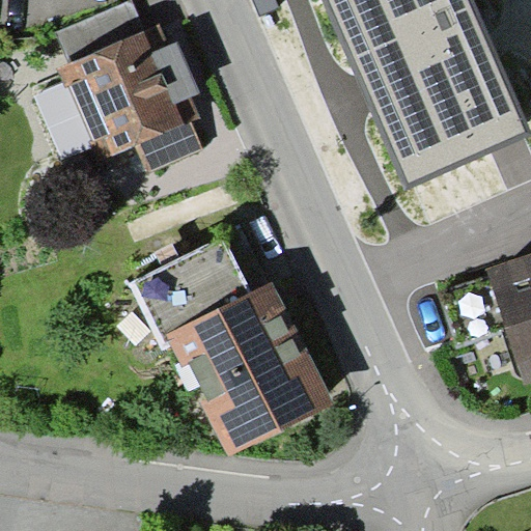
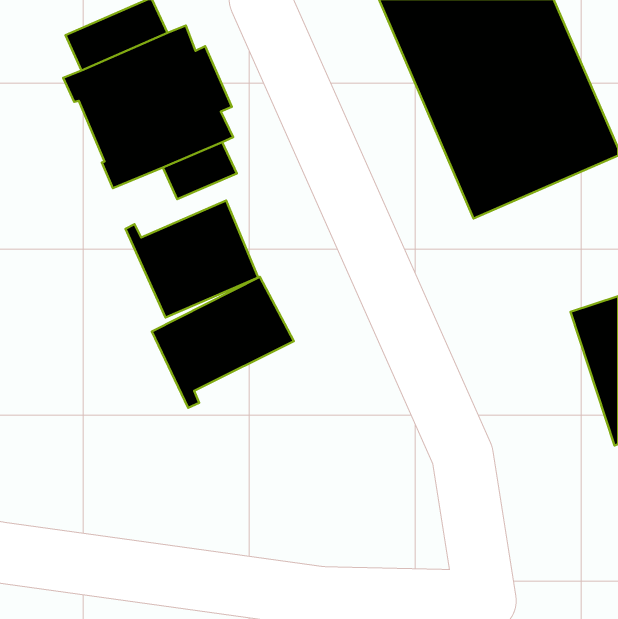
building: none -> [125,200,258,317]
building: [166,281,332,454] -> none

